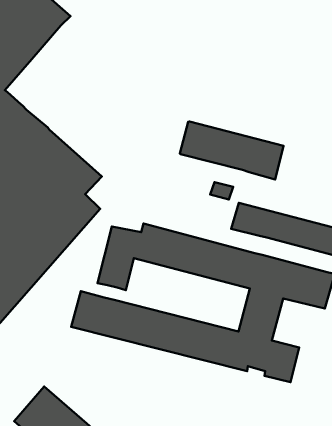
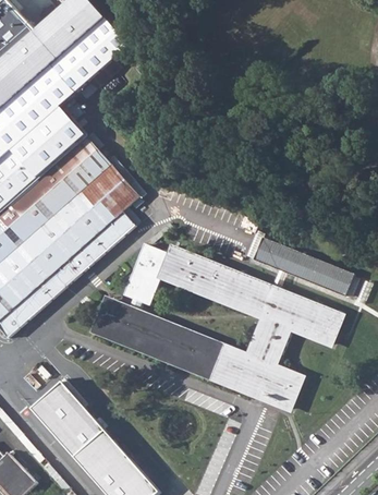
building: [180,121,283,179] -> none

